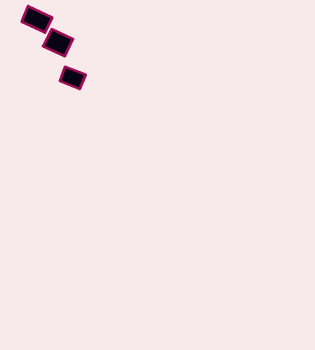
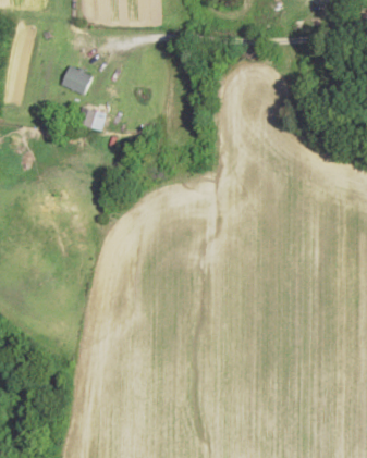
building: [22,6,52,33] -> none

